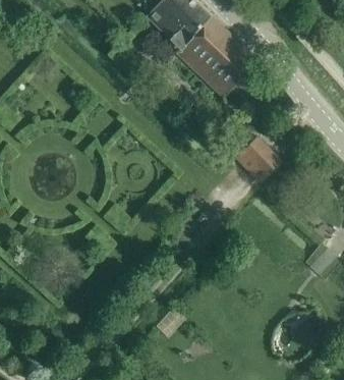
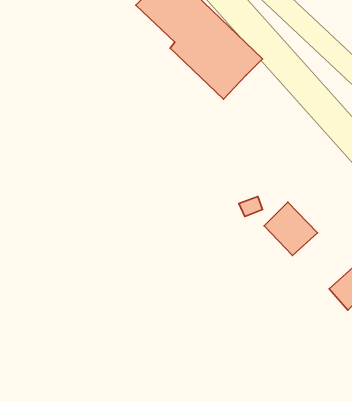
building: [235,137,281,182] -> [264,202,317,255]

